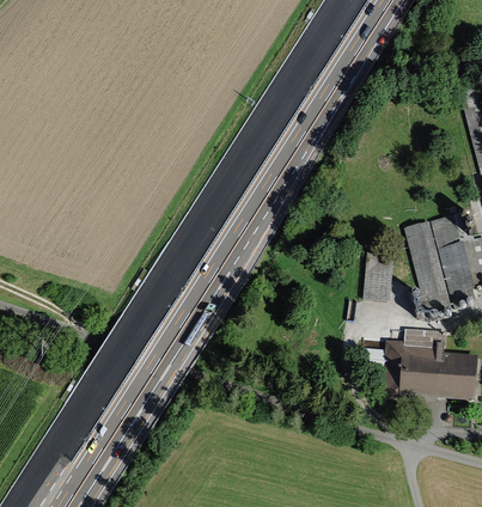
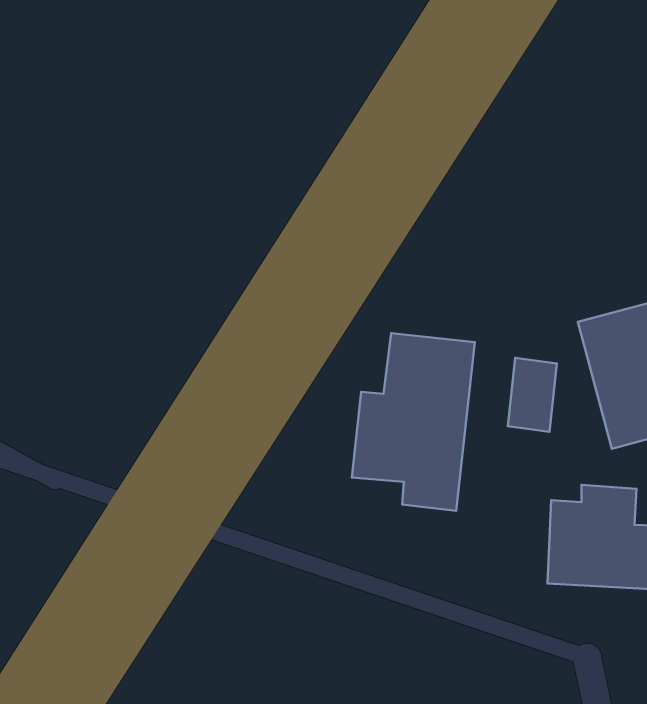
building: none -> [352,333,475,511]

